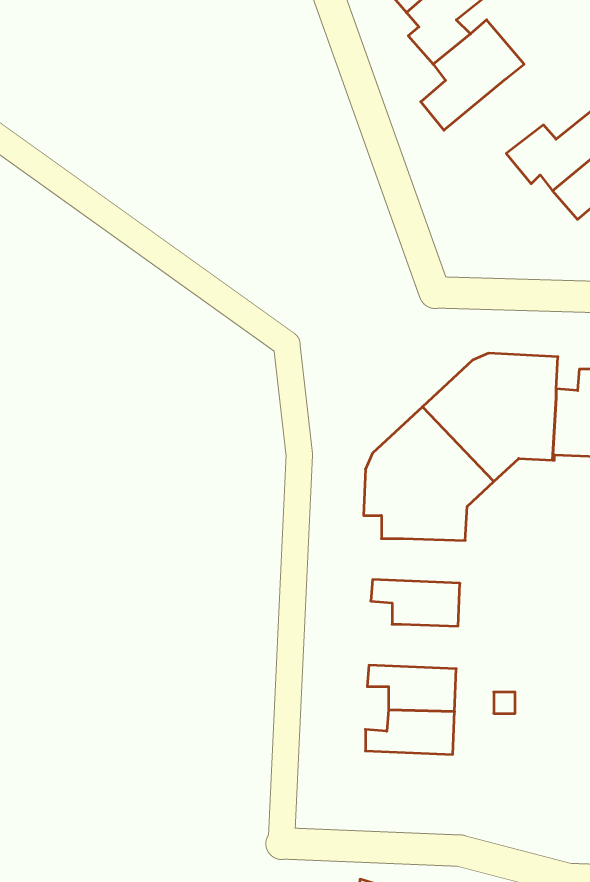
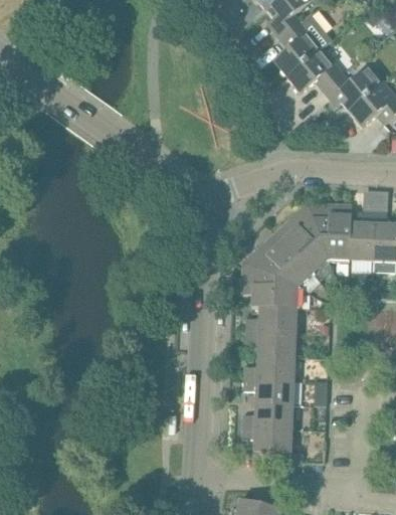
building: none -> [286,47,343,94]
building: none -> [246,307,299,332]
building: none -> [244,355,294,380]
building: none -> [241,426,302,462]

